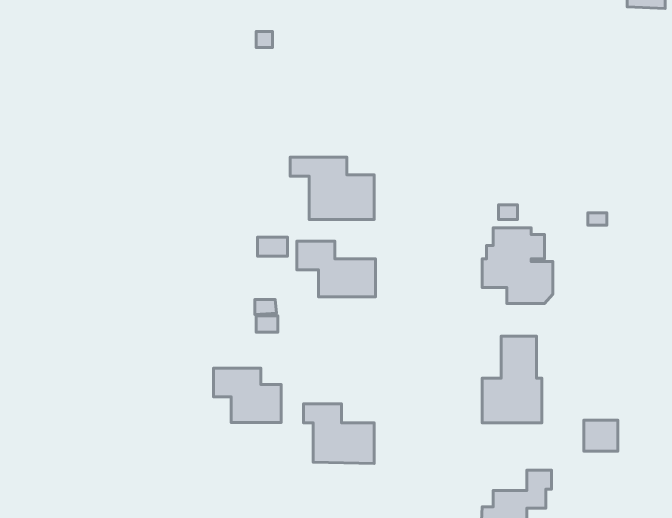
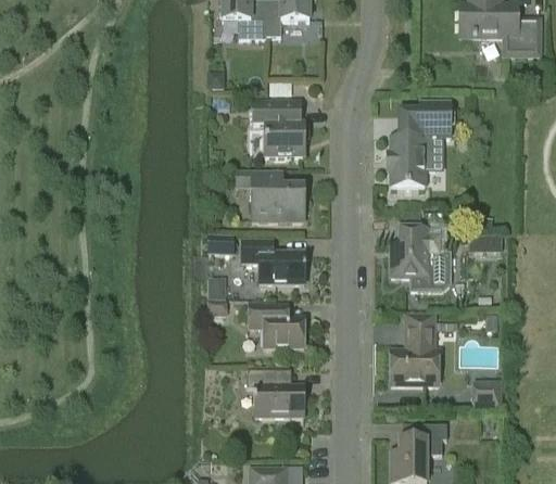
building: none -> [253,100,305,156]
building: none -> [391,101,451,184]
building: [213,368,281,422] -> [250,304,304,347]

